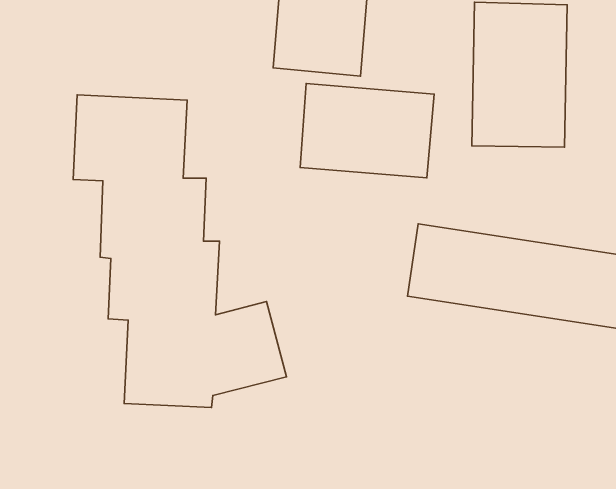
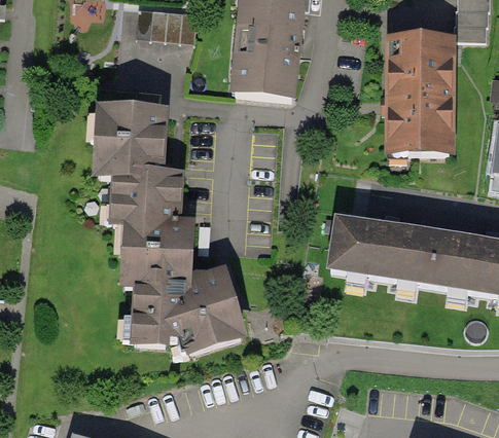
building: [300,84,434,178] -> none

